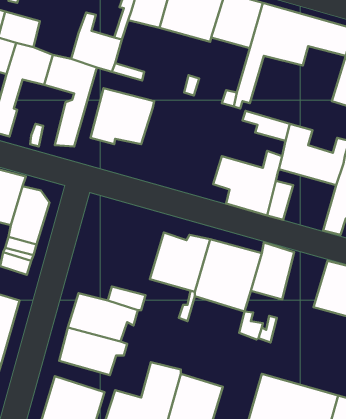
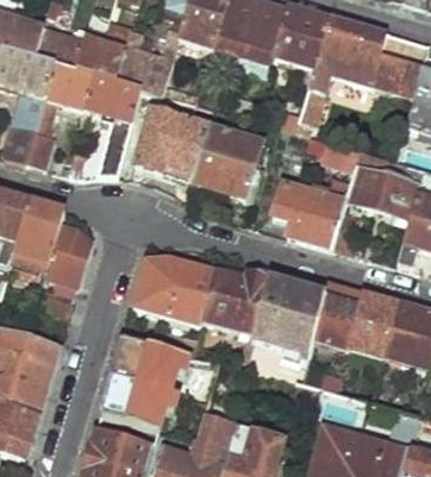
building: none -> [74,20,132,79]
building: none -> [189,132,260,202]
building: none -> [132,257,218,324]
building: none -> [349,291,399,354]

